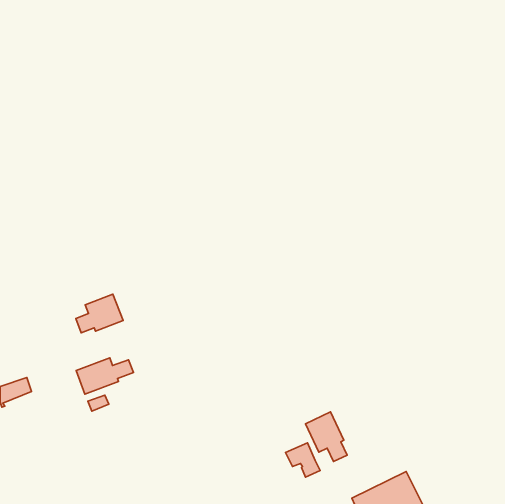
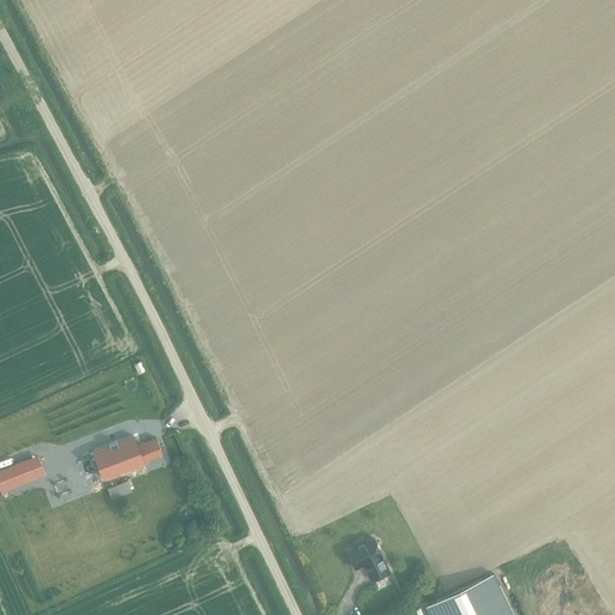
building: [76,294,123,333] -> none
building: [305,412,347,461] -> none

